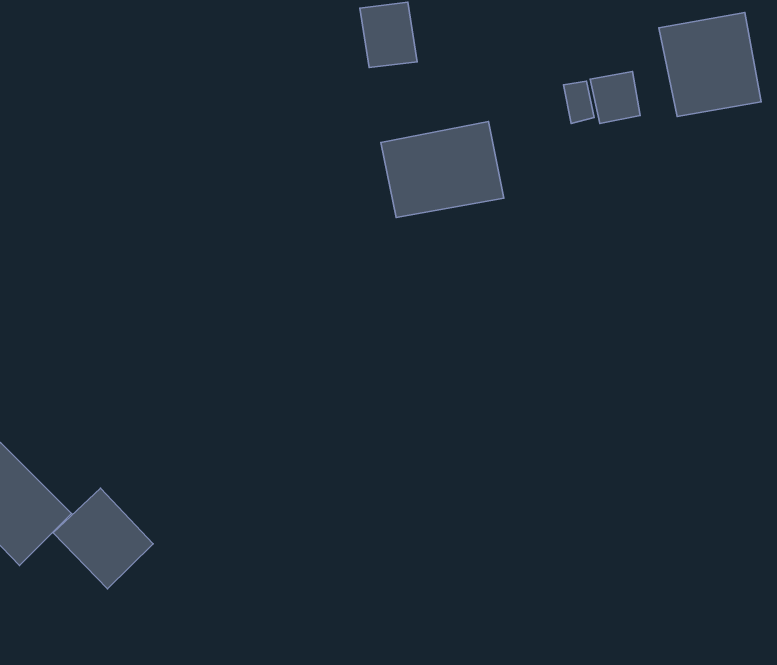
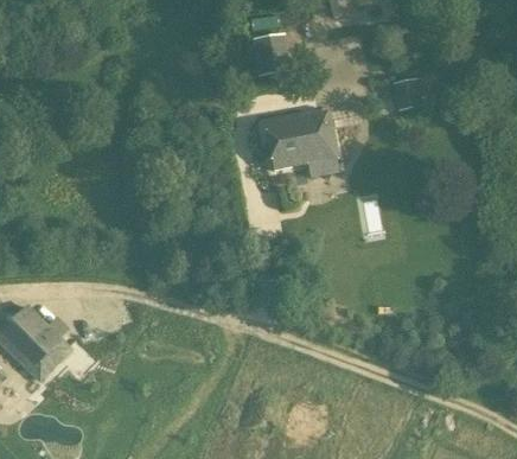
building: [659,12,761,117] -> none
building: [53,488,153,589] -> none

